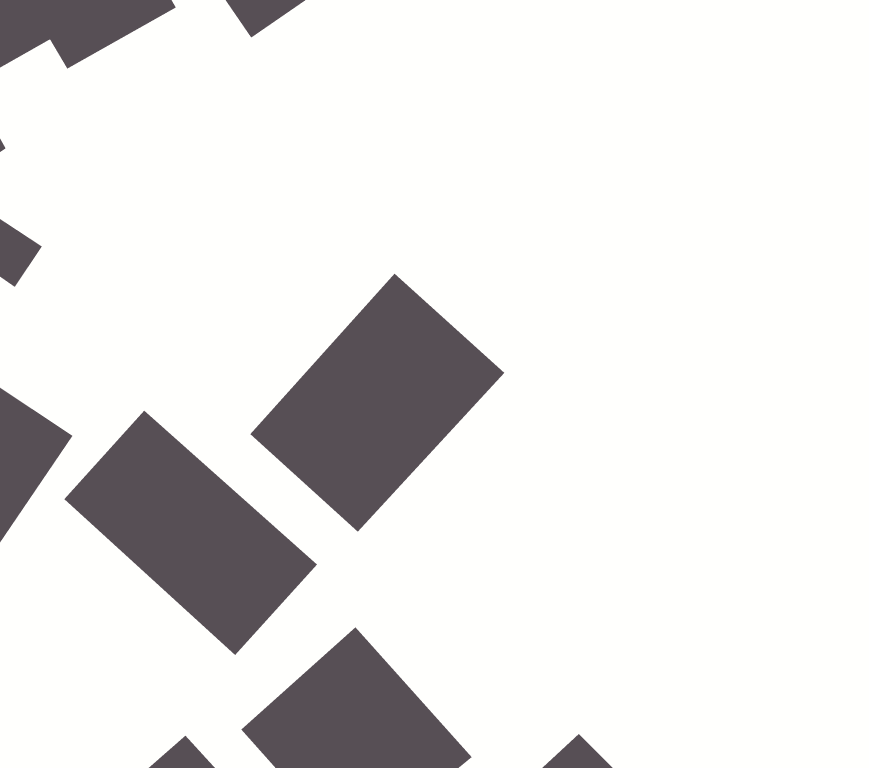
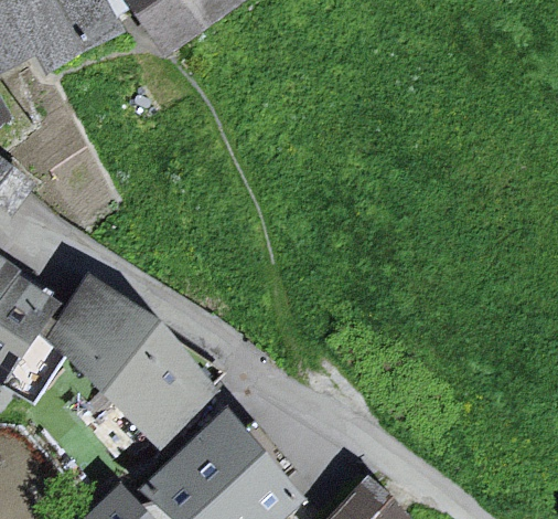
building: [249,273,505,532] -> none

